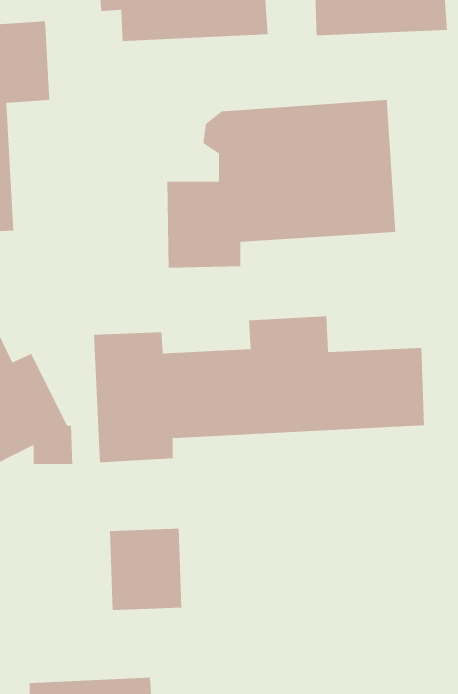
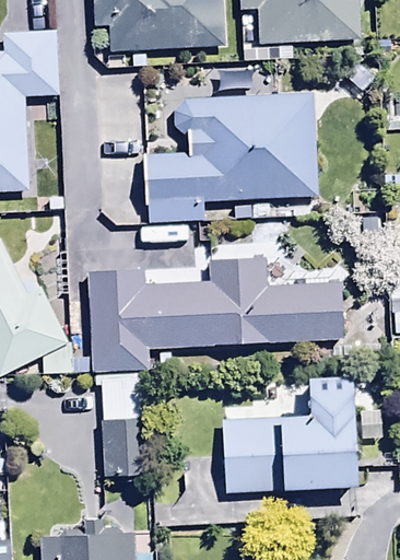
building: none -> [221,380,356,493]

